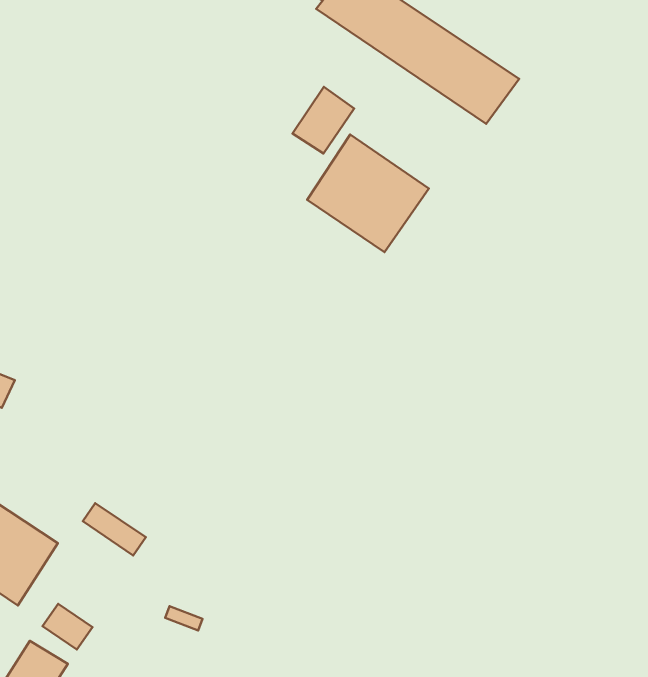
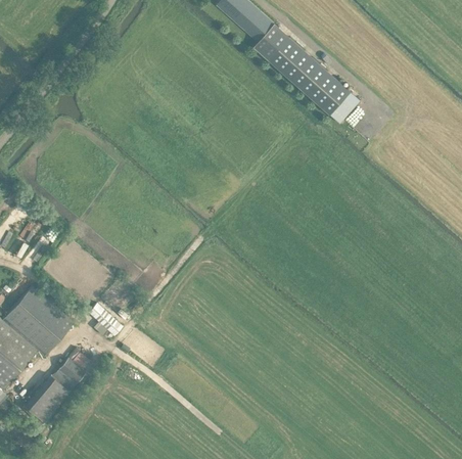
building: [292,87,354,153] -> none
building: [307,134,429,252] -> none

